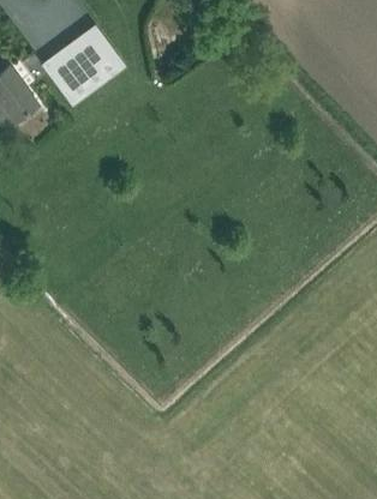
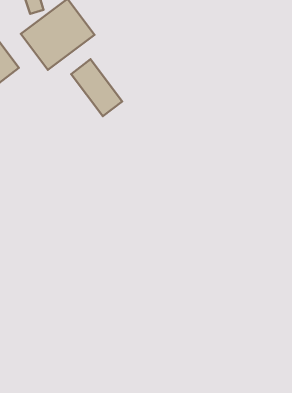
building: none -> [71,59,122,116]

